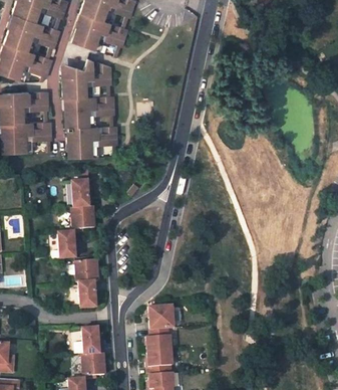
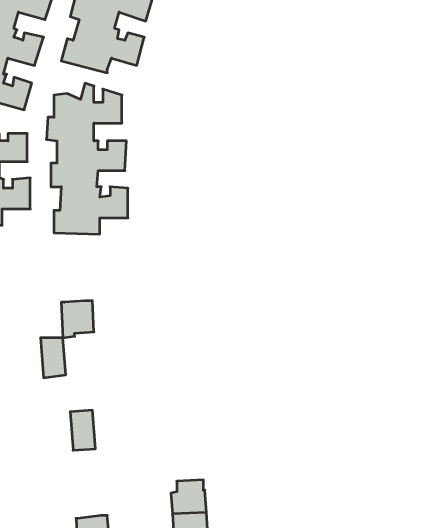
building: [72,181,88,208] -> none
building: [74,258,98,282] -> none
building: [148,306,174,330] -> none
building: [81,327,99,355] -> none

